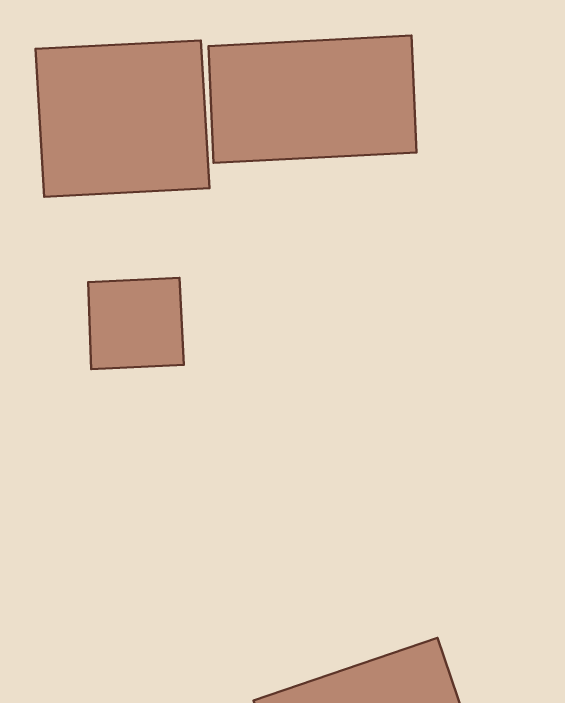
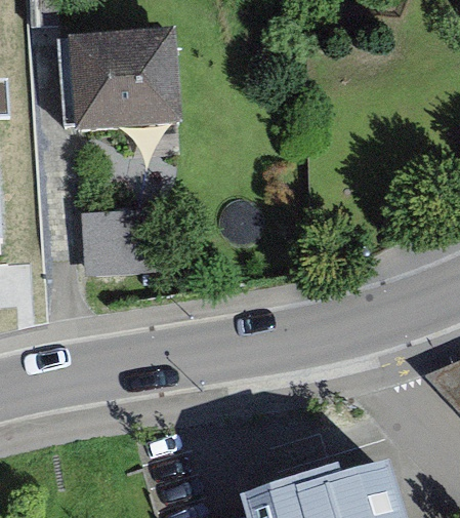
building: [209,36,417,163] -> none

